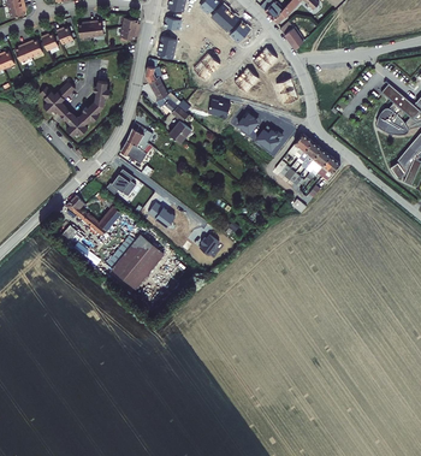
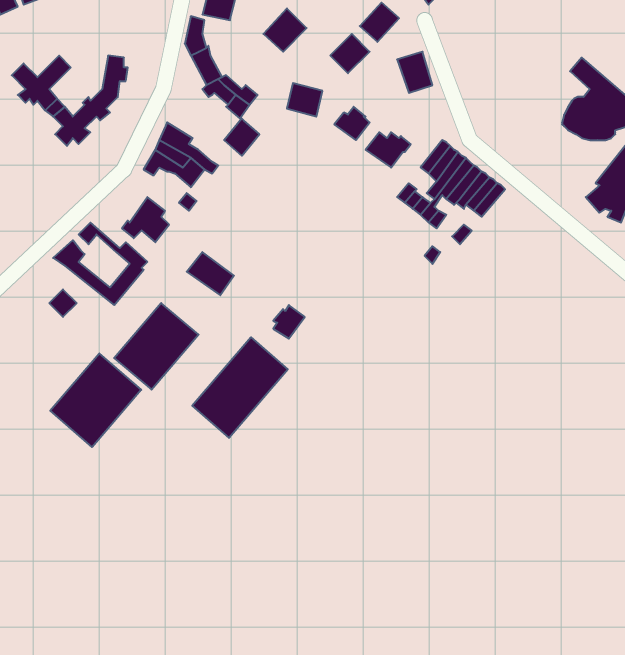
building: none -> [192,337,288,438]
building: none -> [50,353,141,447]

